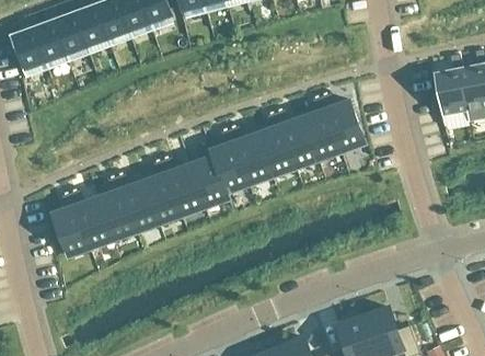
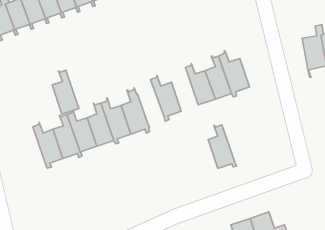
building: [257,113,296,172] -> [208,125,237,169]
building: [211,129,247,188] -> none
building: [51,193,88,252] -> [52,70,79,114]

